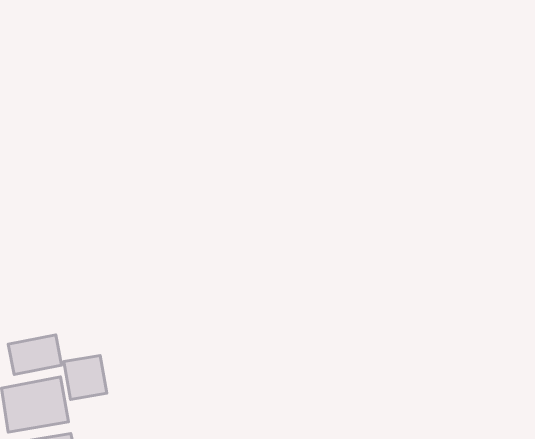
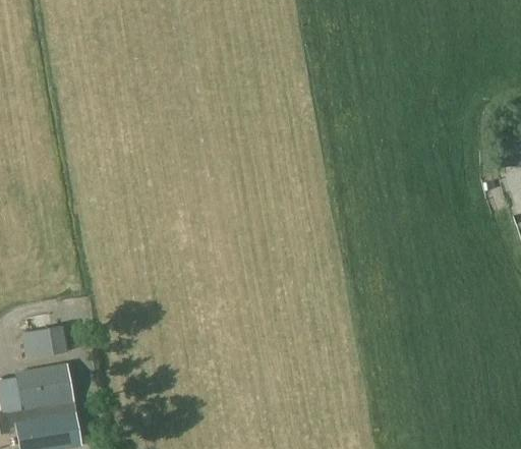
building: [64,355,107,399] -> none

